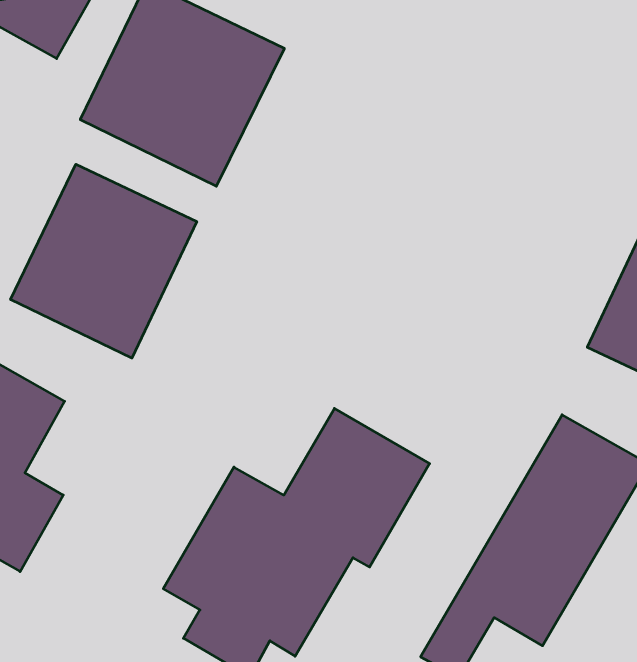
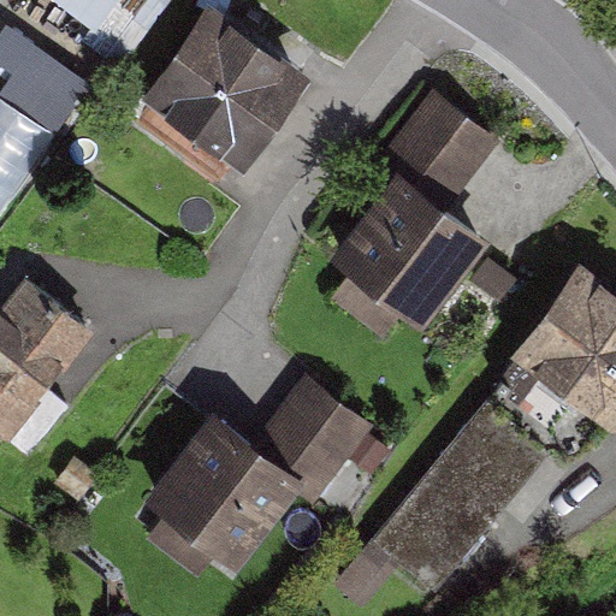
building: none -> [325,95,497,337]
building: [11,164,197,358] -> none

